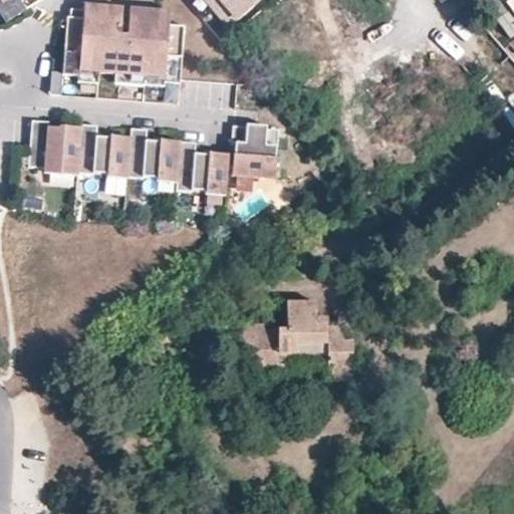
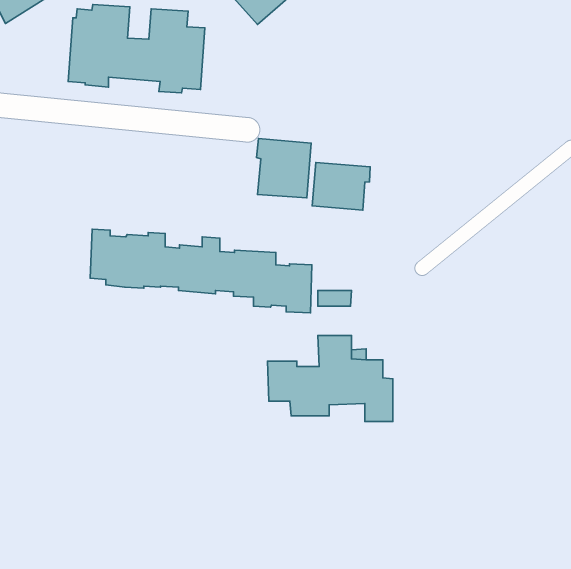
building: [31,118,230,194] -> [90,229,312,313]
building: none -> [312,163,370,210]

